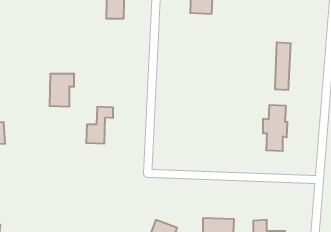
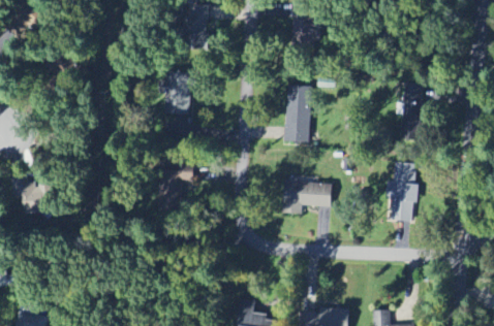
building: none -> [284,85,310,141]
building: [49,74,74,107] -> [163,71,195,113]
building: none -> [282,181,331,213]

